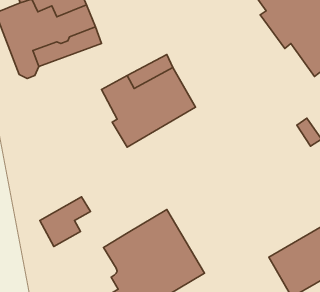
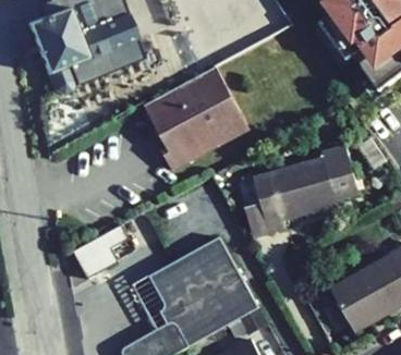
building: none -> [256,145,359,231]

